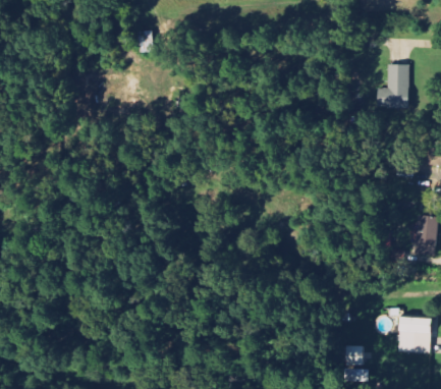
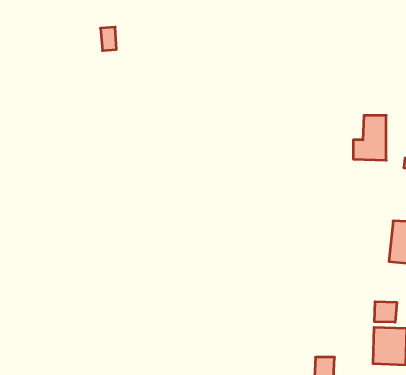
building: [377,65,408,108] -> [353,115,386,160]
building: none -> [375,302,397,322]

